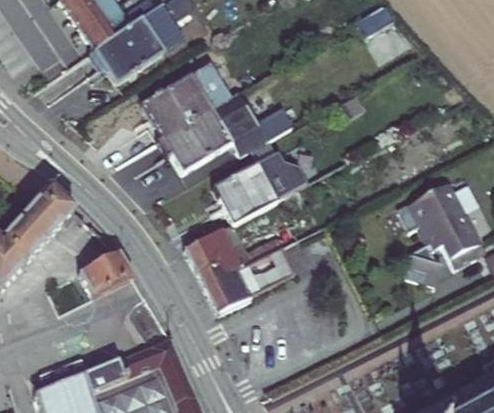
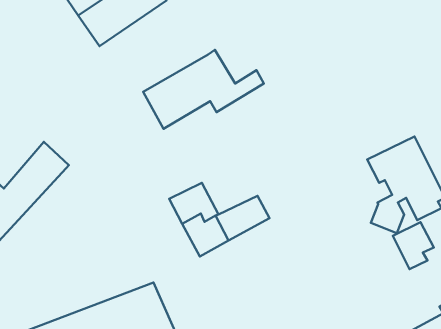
building: [141,62,229,134] -> none
building: [215,153,308,223] -> none
building: [61,250,133,296] -> none
building: none -> [393,222,434,269]

